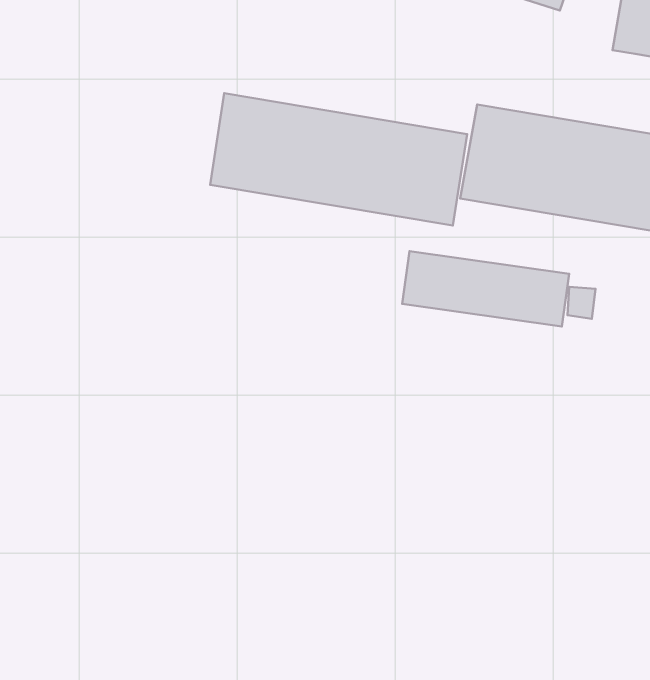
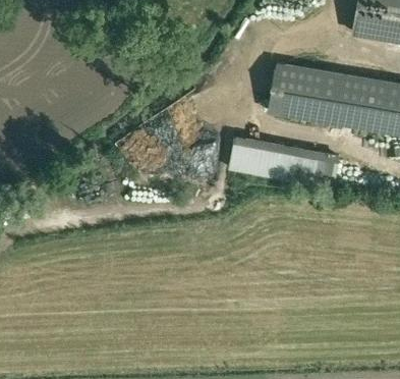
building: [210,93,467,226] -> none

